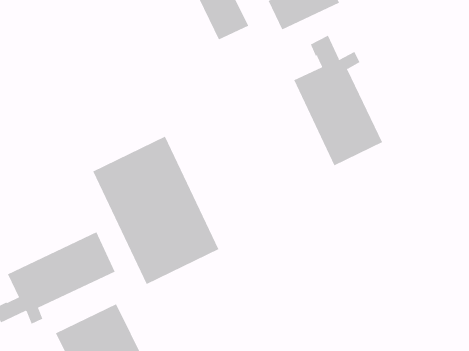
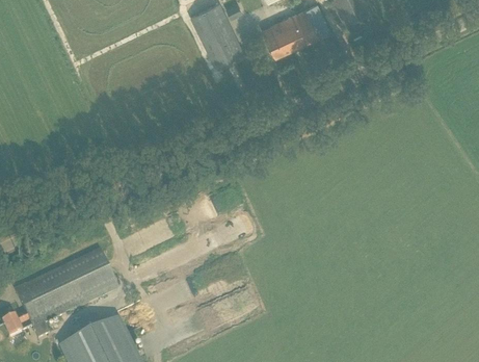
building: [293,35,383,166] -> none
building: [92,136,219,285] -> none

